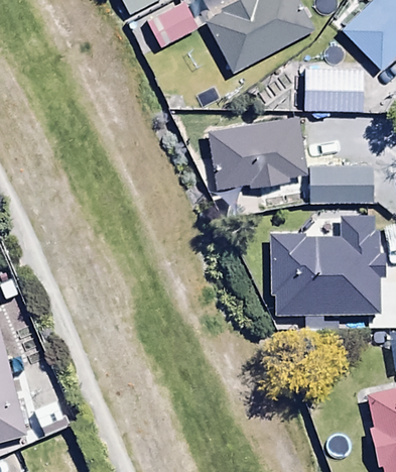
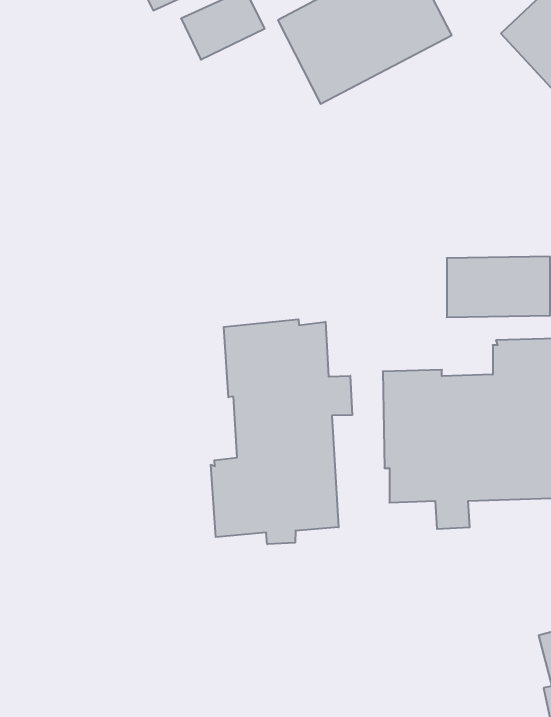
building: [304,68,366,109] -> none
building: [207,117,306,188] -> none
building: none -> [211,319,352,544]

